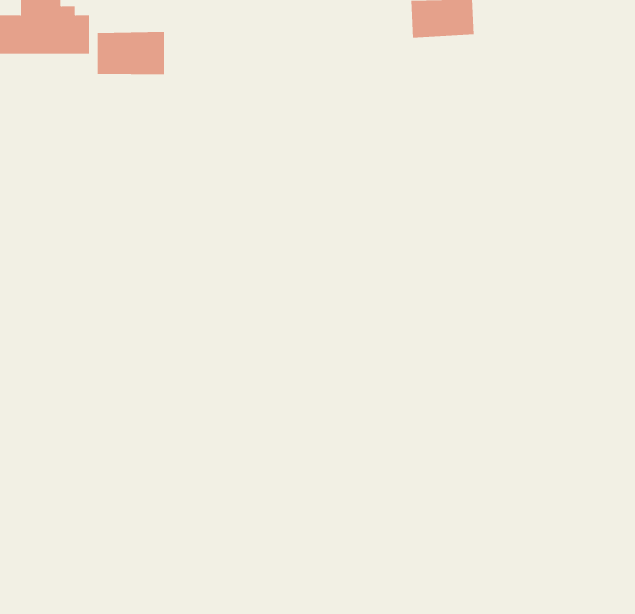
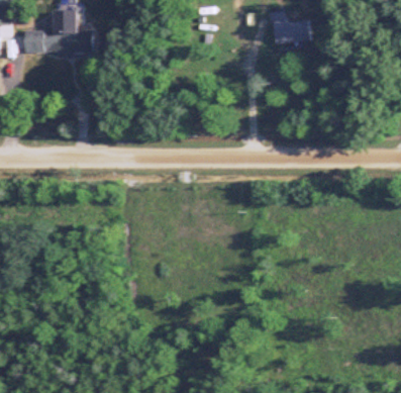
building: [97,31,164,75] -> none

